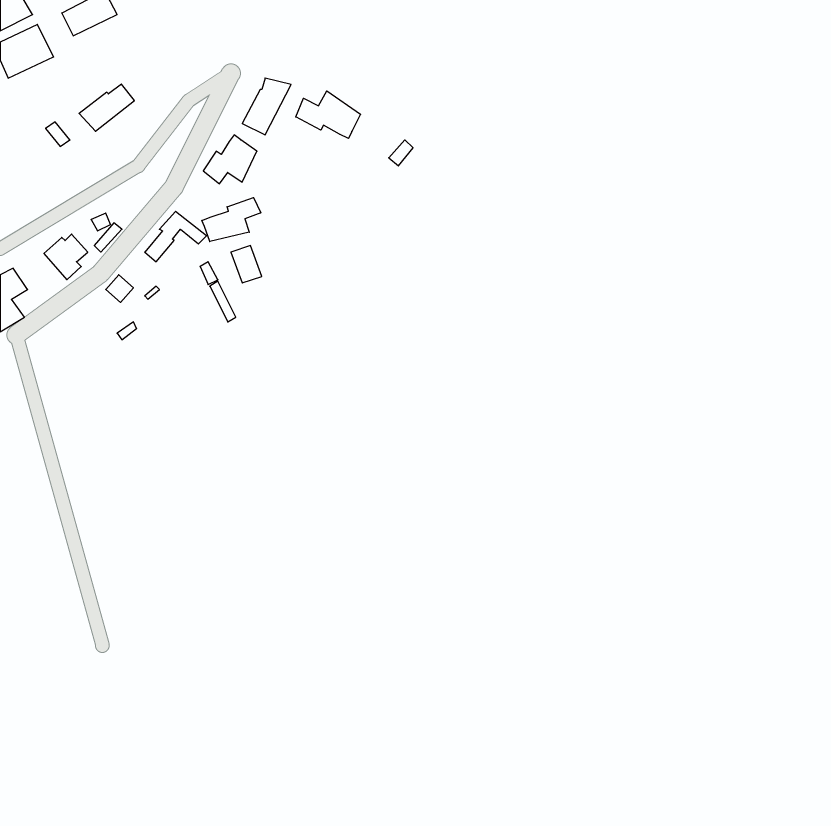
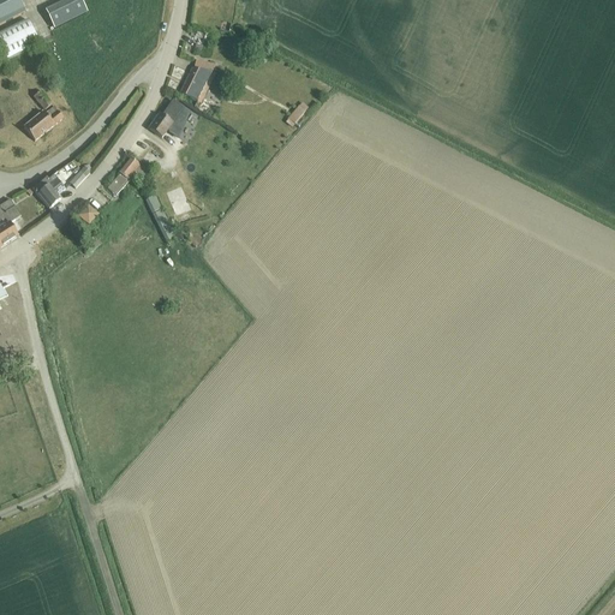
building: [79,84,134,131] -> [23,105,64,139]
building: [296,91,361,138] -> none
building: [202,198,261,242] -> none

